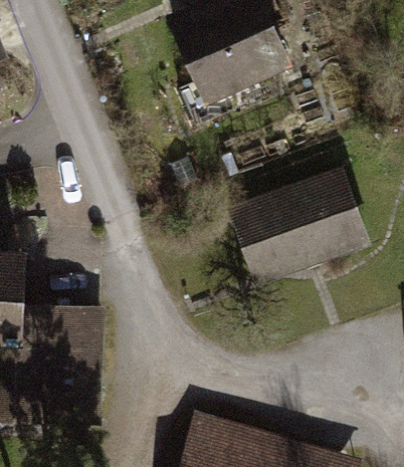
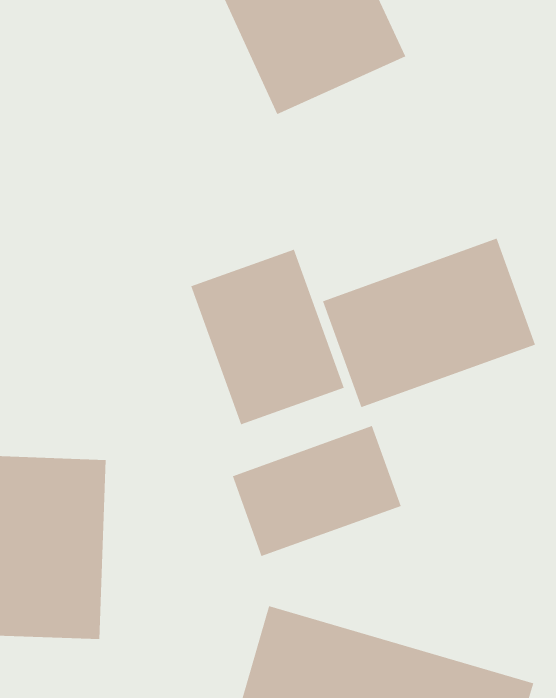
building: none -> [191,249,344,425]
building: none -> [232,425,401,557]

